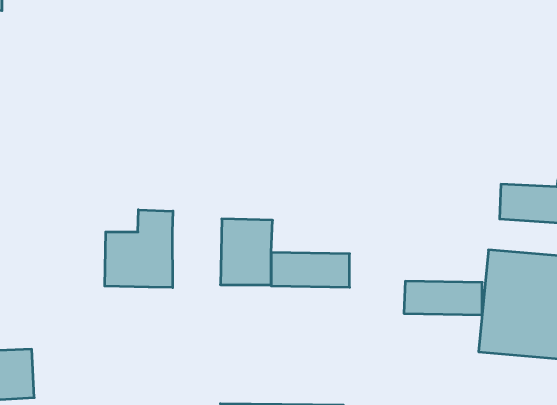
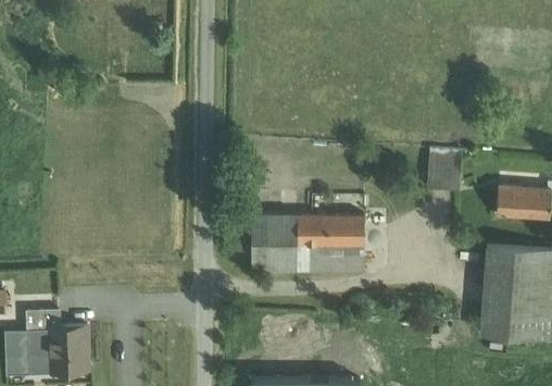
building: none -> [427,150,462,190]
building: [105,210,173,288] -> none
building: [404,281,482,315] -> [296,216,364,246]

